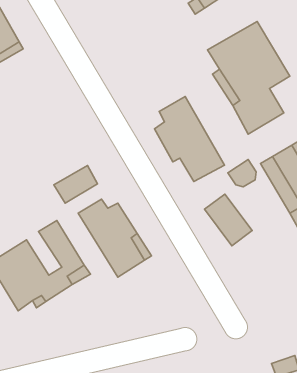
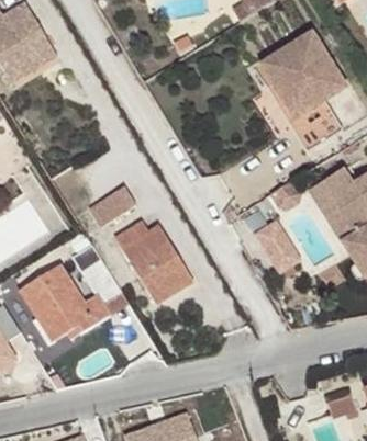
building: [154,97,224,181] -> none

